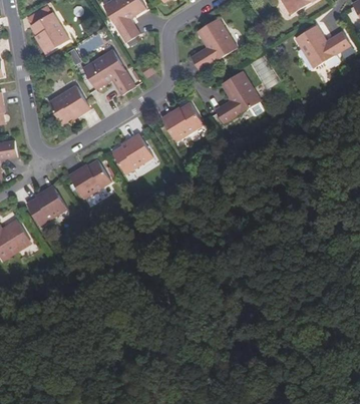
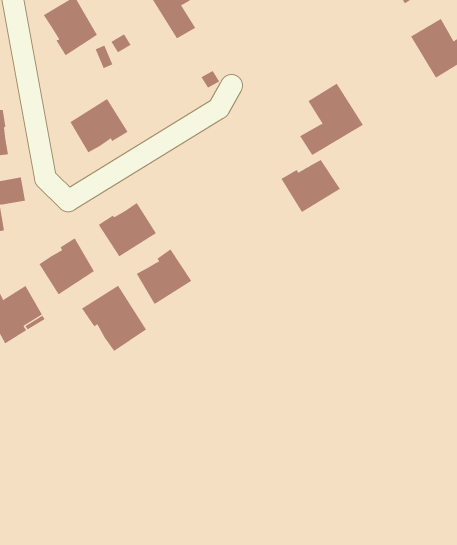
building: [190,20,236,72] -> none
building: [84,50,136,95] -> none
building: [159,104,203,142] -> [280,159,341,213]
building: [114,133,154,173] -> [136,249,192,305]
building: none -> [81,285,147,352]

